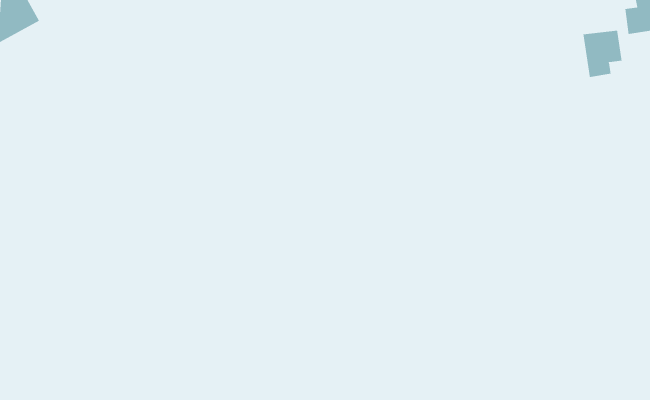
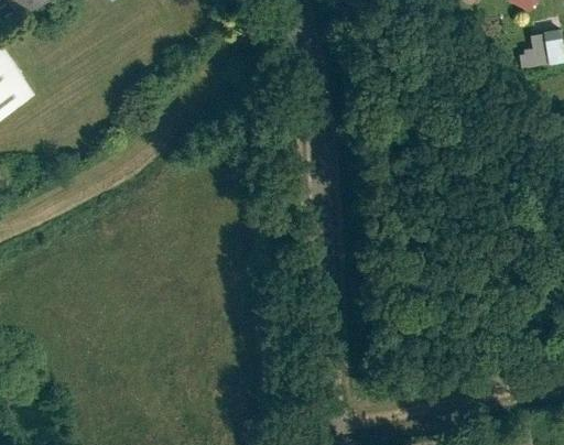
building: [583,30,622,78] -> none

